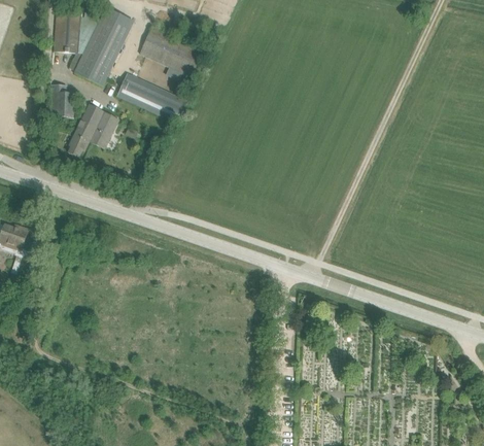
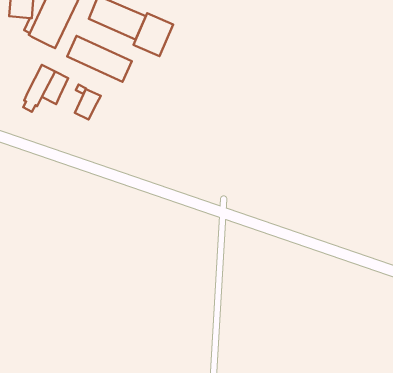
building: none -> [133,13,173,56]
building: [48,84,73,117] -> none
building: none -> [75,89,101,119]

